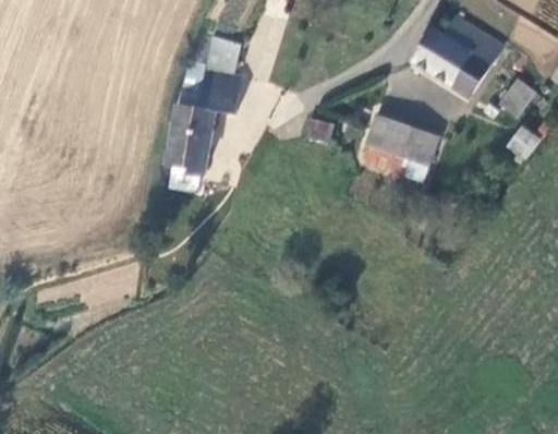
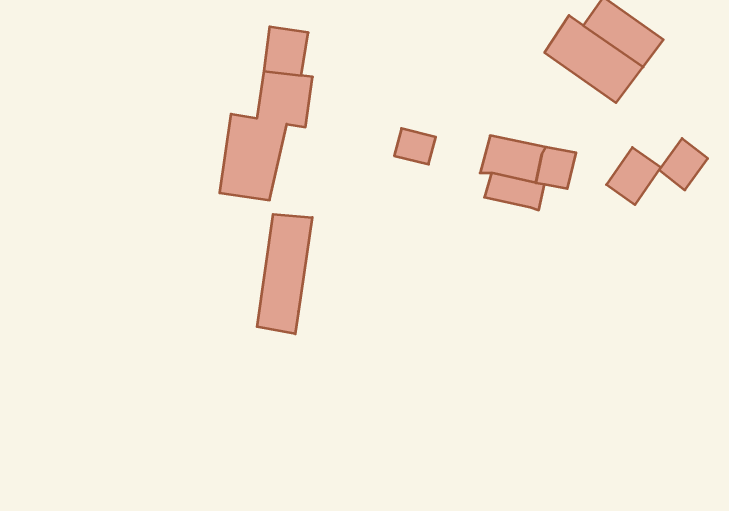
building: [495,74,536,118] -> [606,147,661,205]
building: none -> [257,214,312,334]

